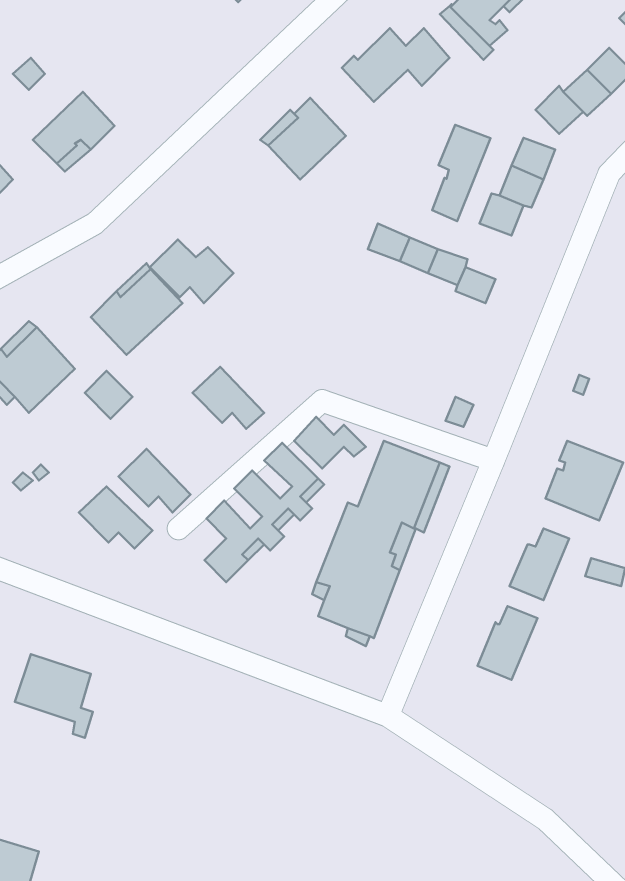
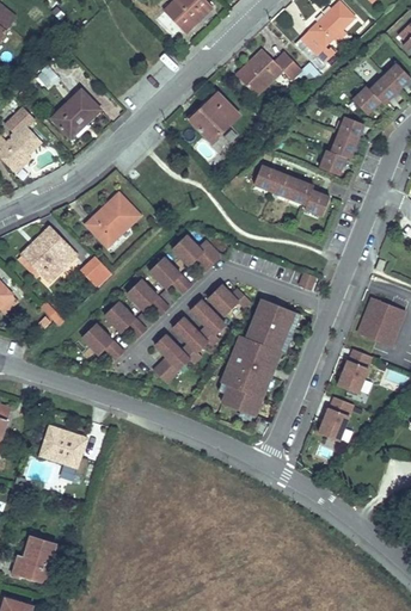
building: [432,125,490,221] -> none
building: [150,239,234,303] -> [171,234,221,272]
building: none -> [123,278,167,316]

